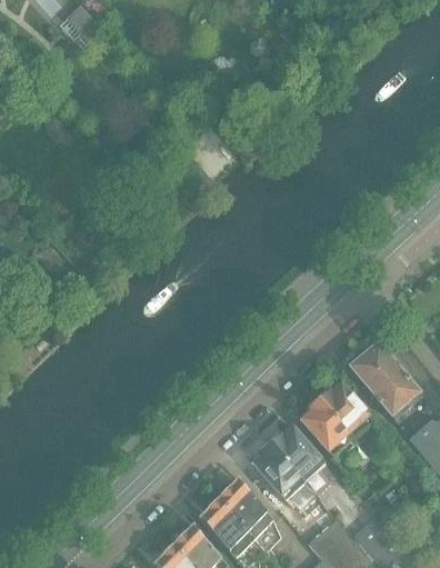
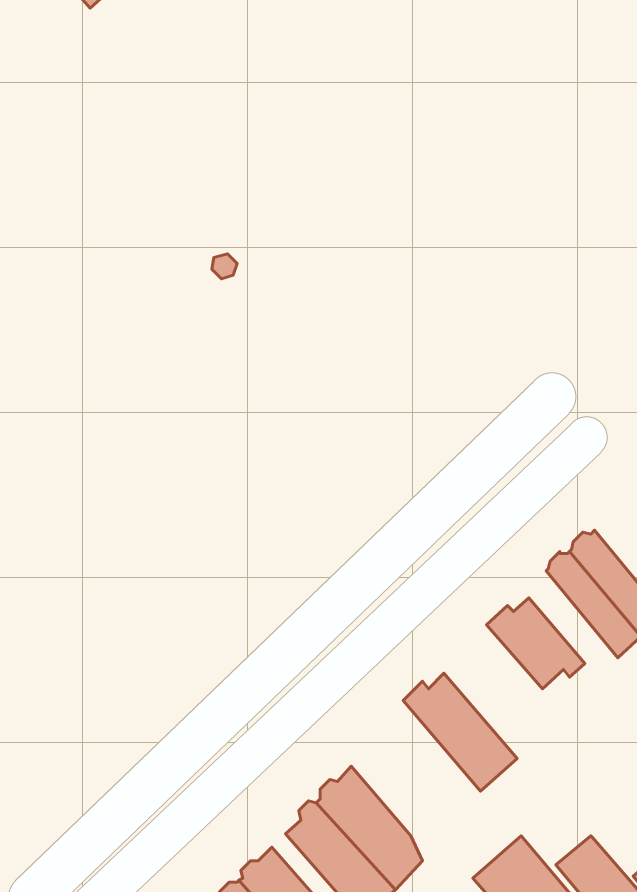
building: [299,397,348,456] -> none
building: [251,440,312,506] -> none

